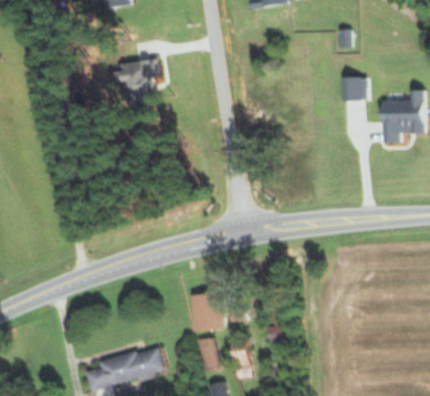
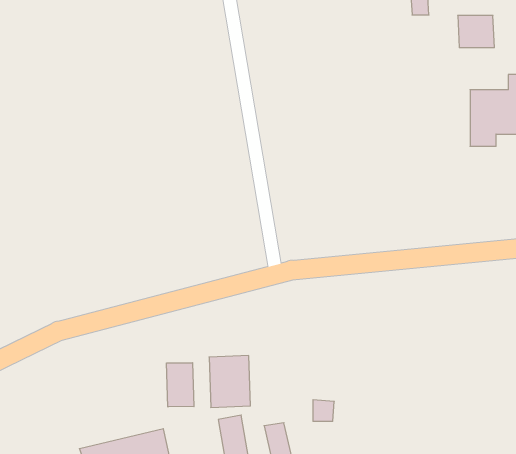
building: [114,60,158,102] -> none
building: [340,76,367,100] -> [458,15,494,48]
building: none -> [167,363,194,407]

